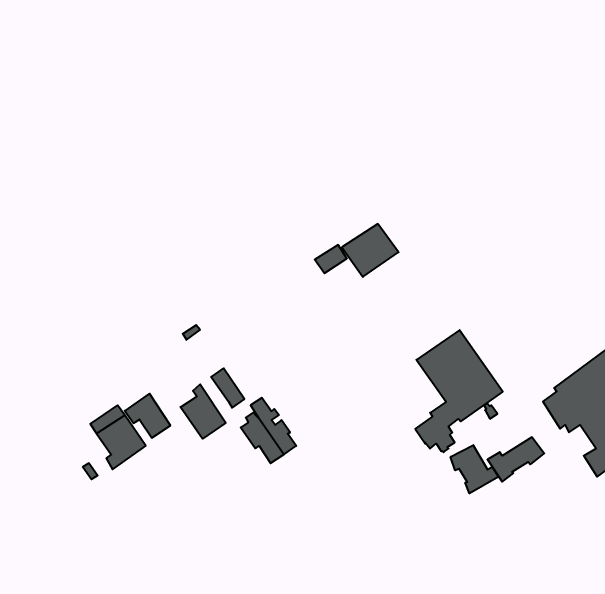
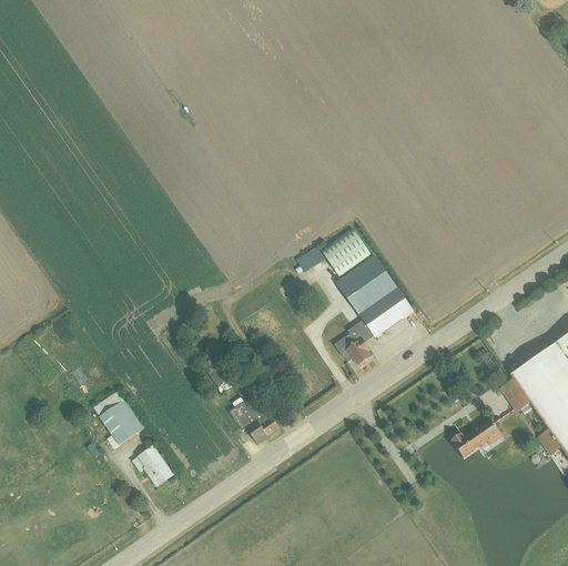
building: [415,330,503,452] -> [335,255,414,365]
building: [180,384,226,439] -> none
building: [125,394,170,438] -> [132,445,173,485]
building: [451,445,498,493] -> none

